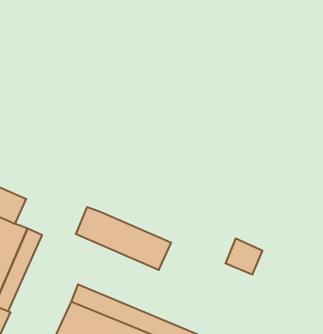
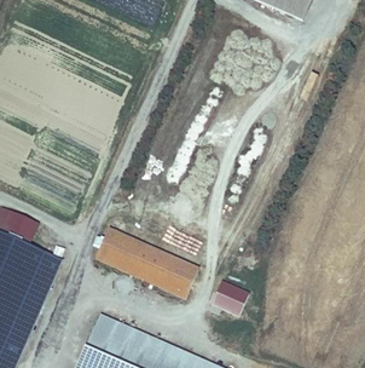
building: [225,239,263,275] -> [210,281,250,320]

